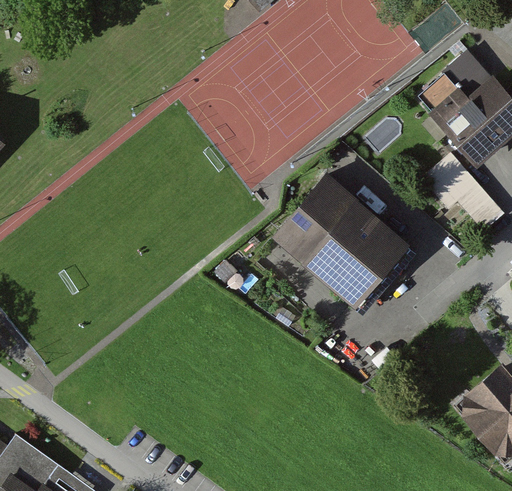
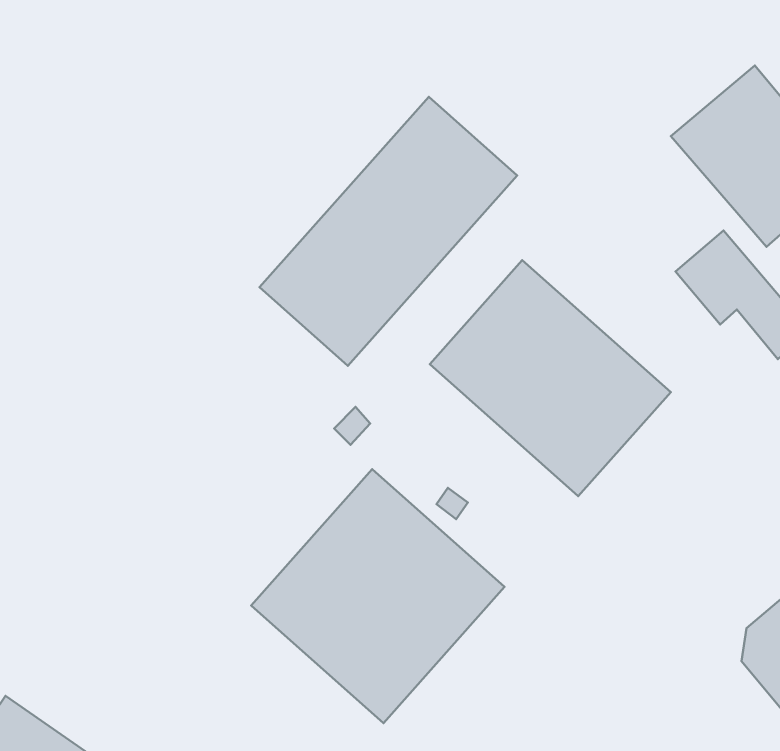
building: none -> [260,97,517,366]
building: none -> [251,469,504,723]

